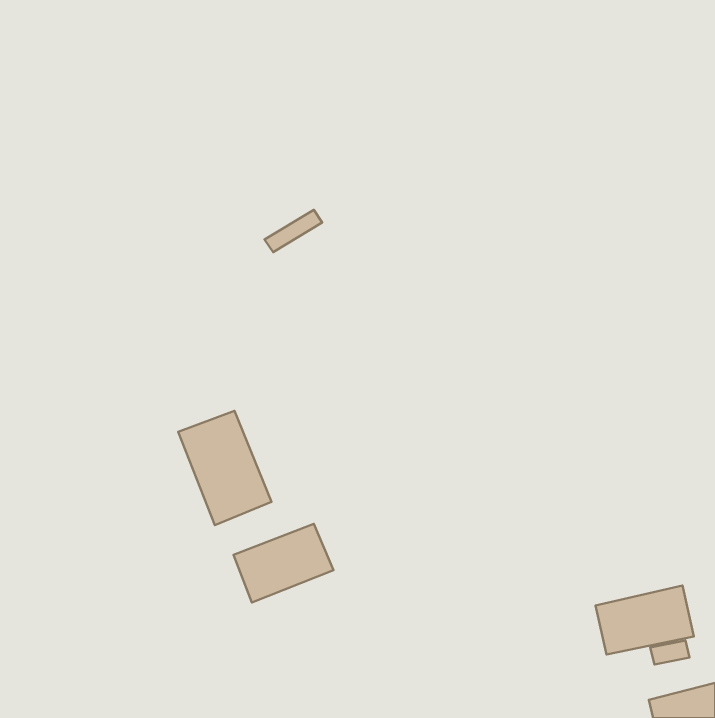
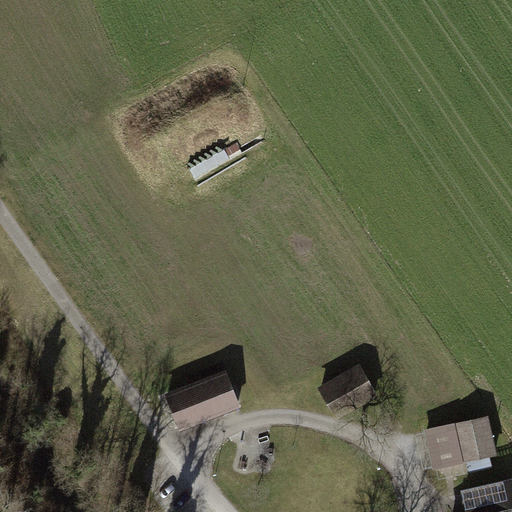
building: [178,411,272,525] -> none
building: none -> [320,365,375,416]

